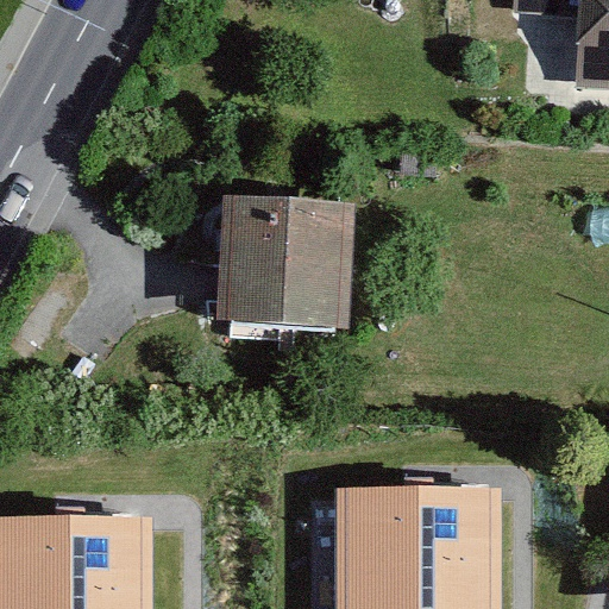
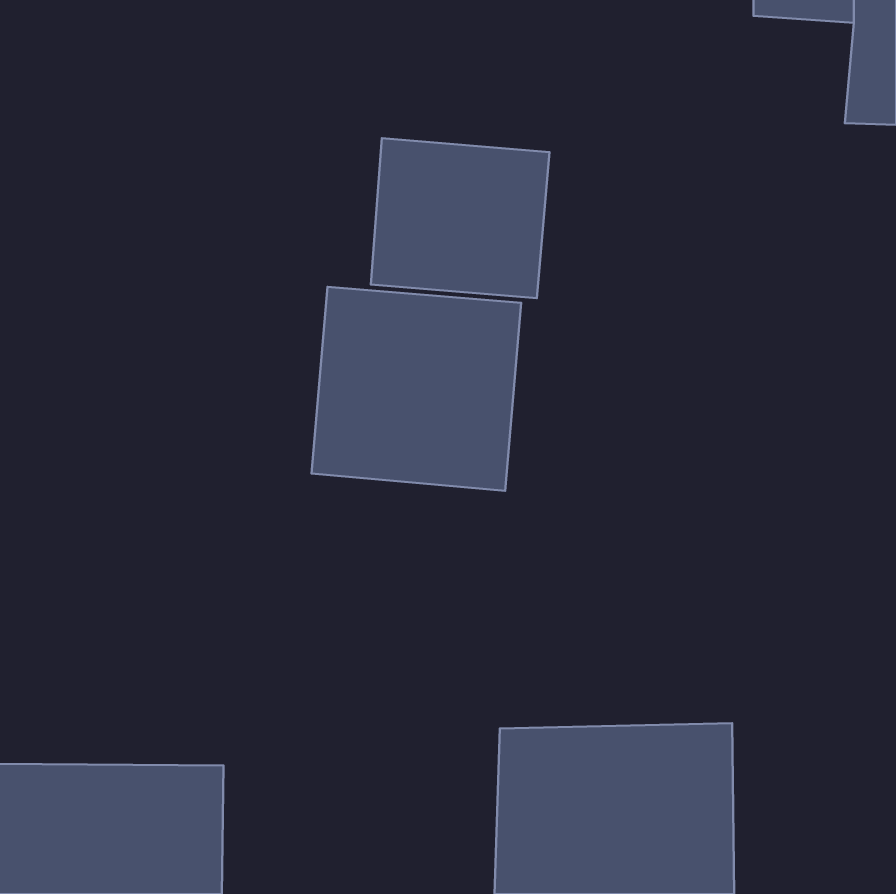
building: none -> [371,138,549,298]

